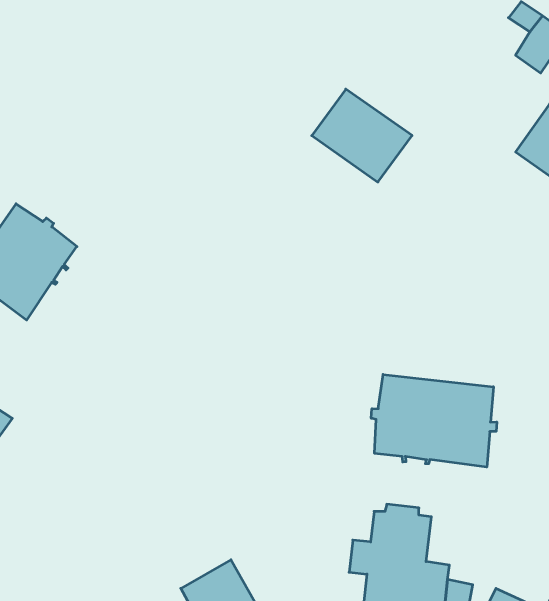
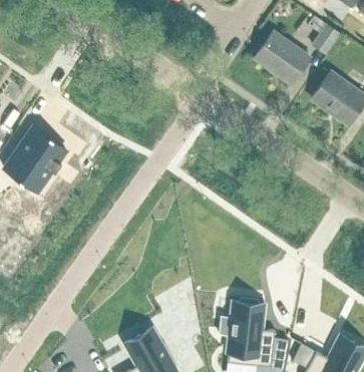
building: [312,89,412,182] -> [255,31,311,83]
building: [371,374,497,467] -> none

